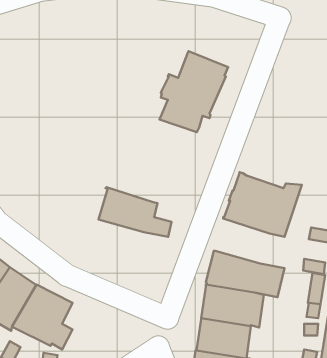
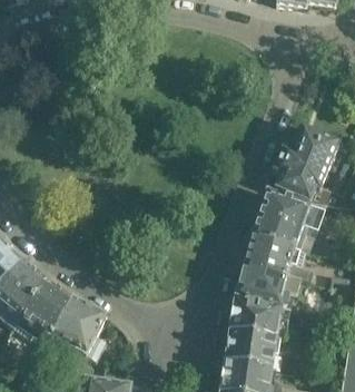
building: [160,51,228,132] -> [274,124,339,202]
building: [99,187,172,237] -> [244,231,314,278]

